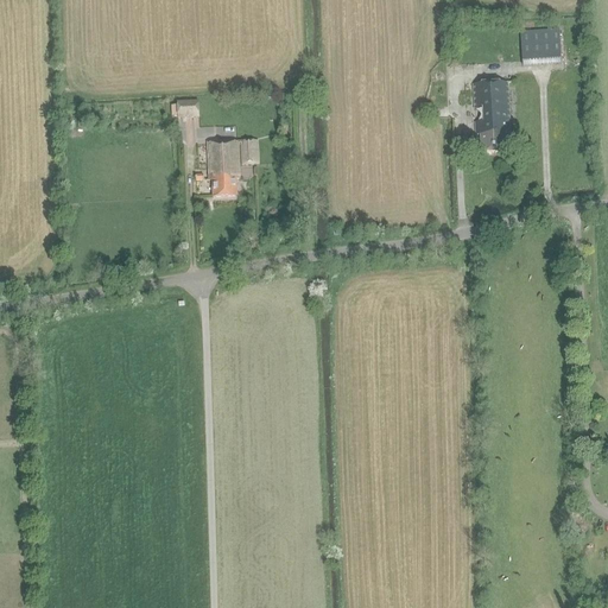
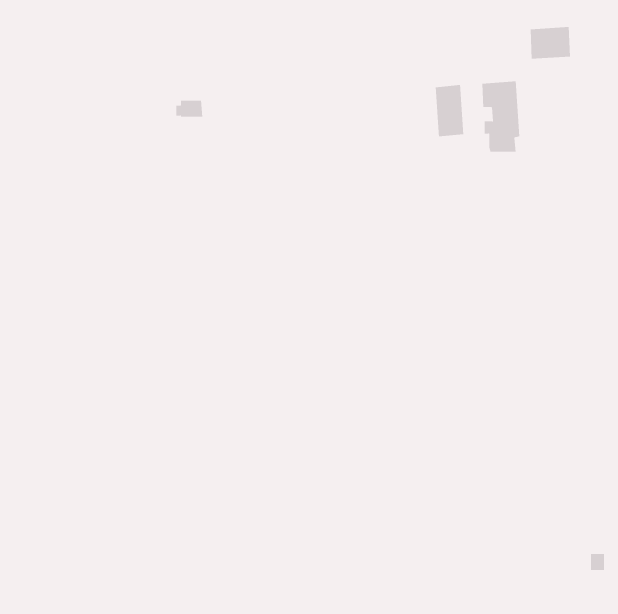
building: none -> [435,84,464,137]
building: [207,139,258,195] -> none

